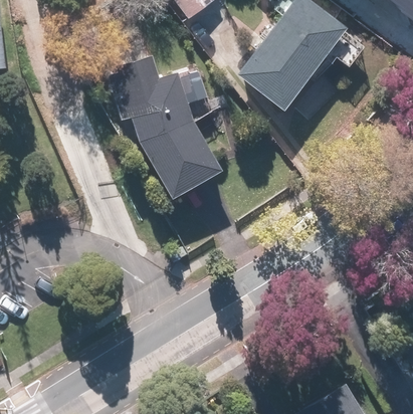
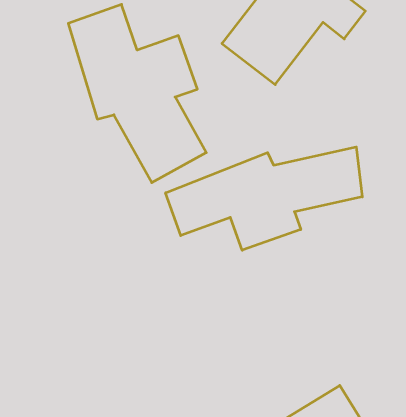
building: none -> [166,147,362,250]

